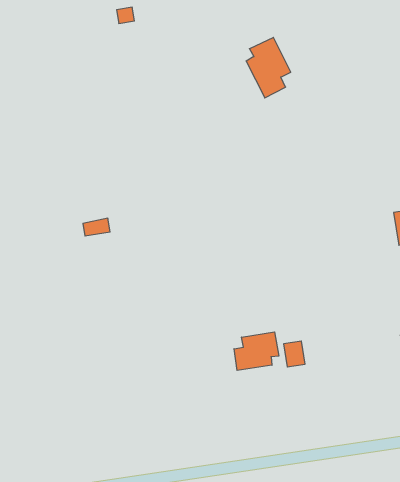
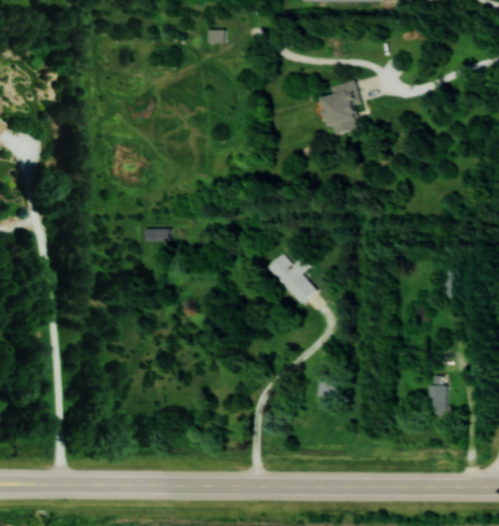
building: none -> [267,254,315,304]
building: [234,332,279,370] -> none

